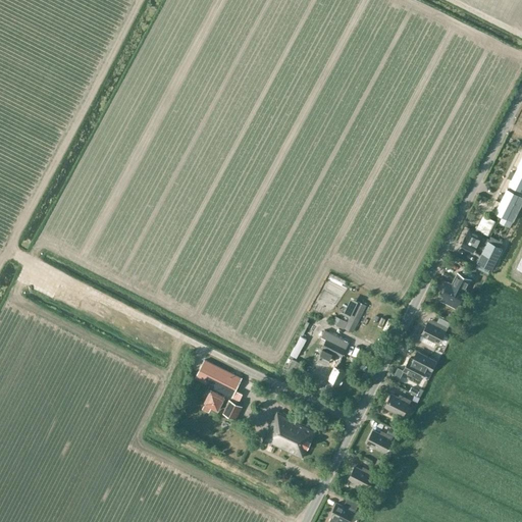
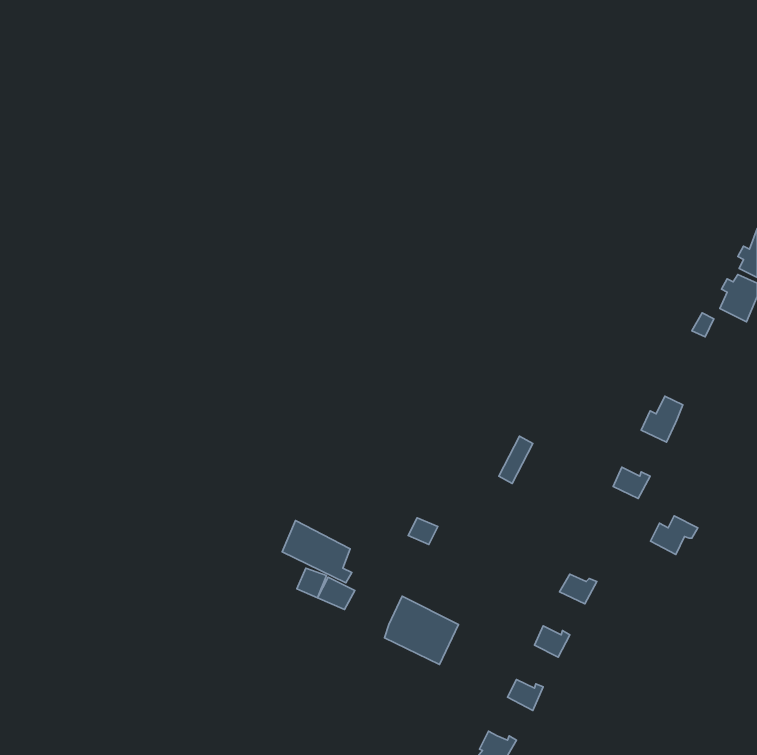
building: [459,230,502,271] -> none
building: [316,332,347,385] -> none
building: [403,355,435,381] -> [650,516,698,554]

